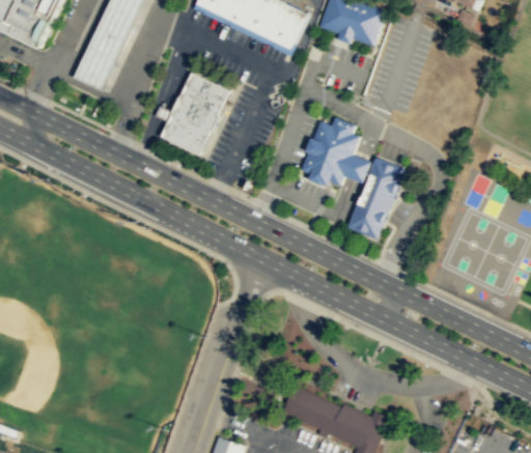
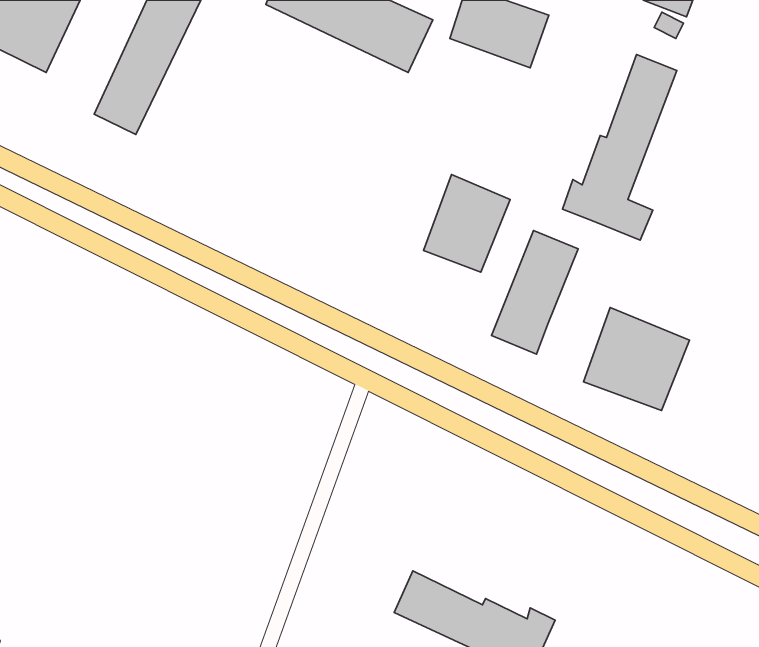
building: none -> [562,54,677,240]
building: [163,70,232,153] -> none
building: none -> [583,308,689,410]

